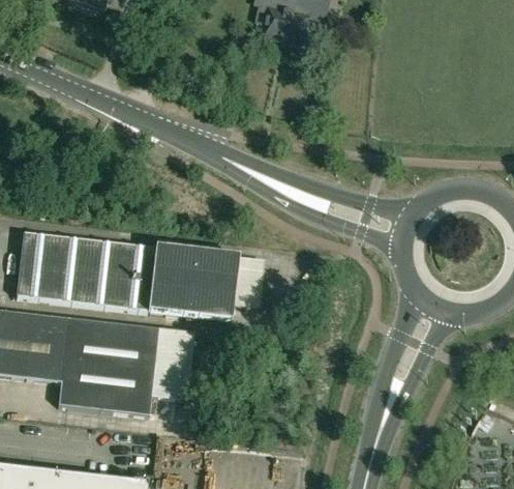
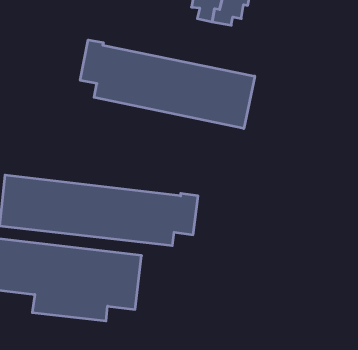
building: none -> [80,40,255,129]

